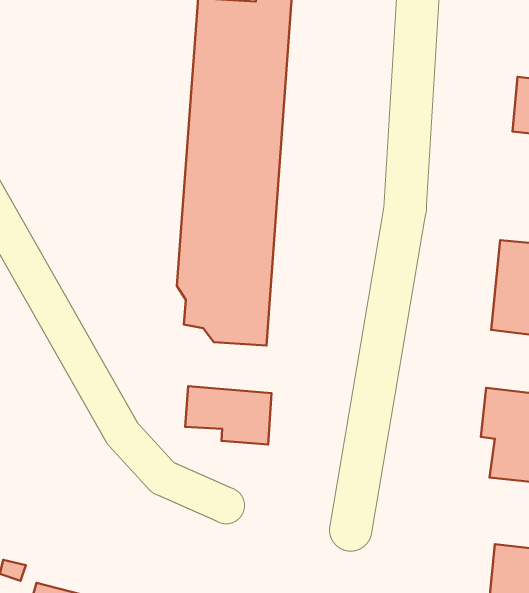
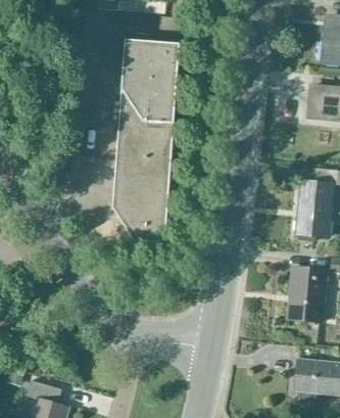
building: [185,386,271,444] -> none

